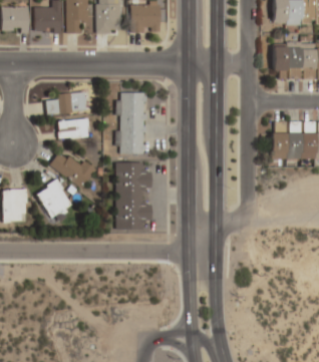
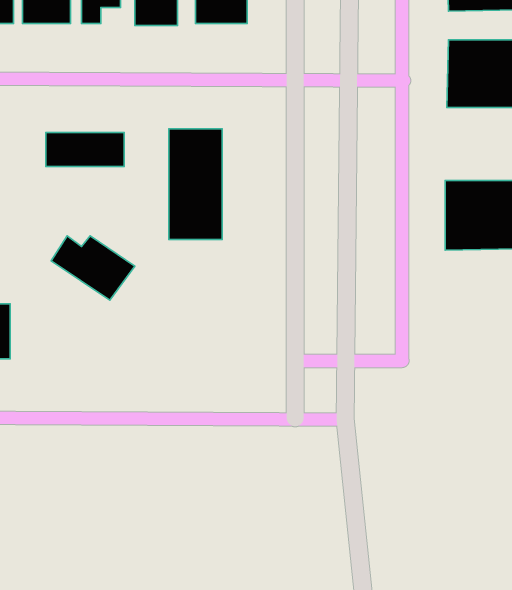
building: [58,119,90,138] -> none
building: [115,162,151,231] -> none
building: [37,180,72,218] -> none

